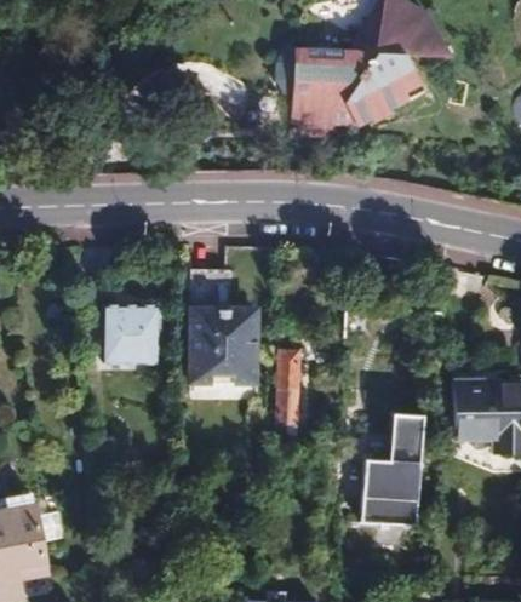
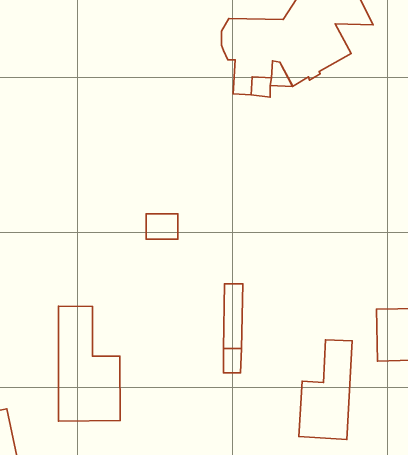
building: [104,305,158,362] -> none
building: [190,308,257,383] -> none
building: none -> [58,306,120,421]

